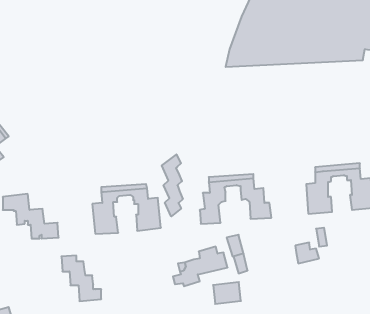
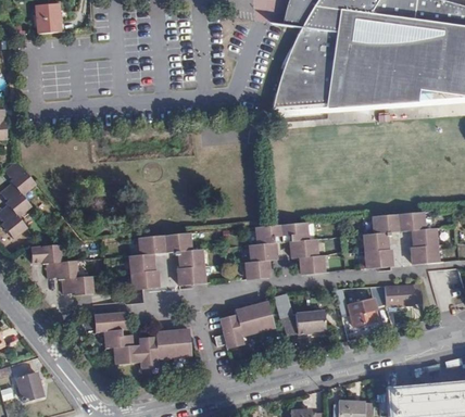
building: [162,154,183,216] -> none
building: none -> [385,281,423,304]
building: none -> [138,332,189,368]
building: [213,282,241,304] -> [298,308,328,332]

